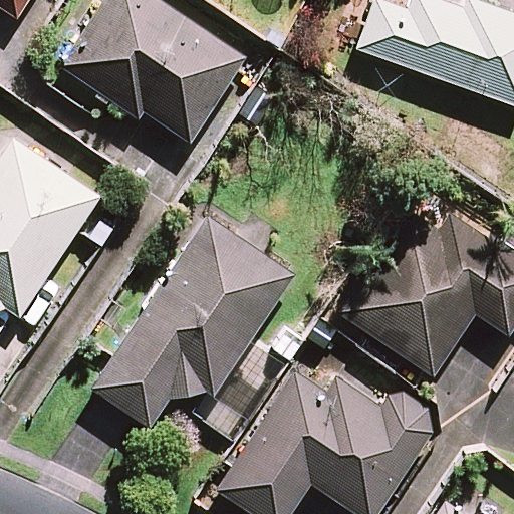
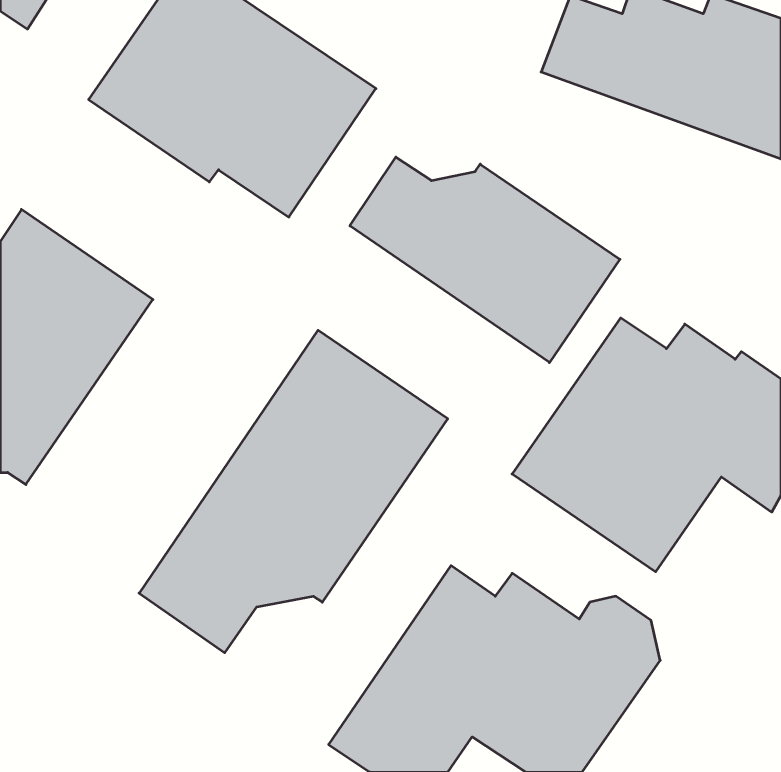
building: none -> [350,157,620,363]

